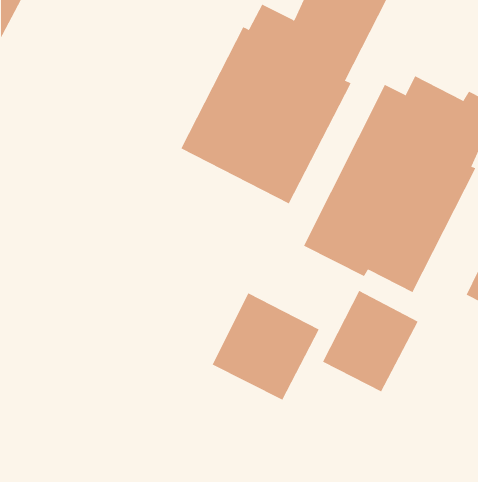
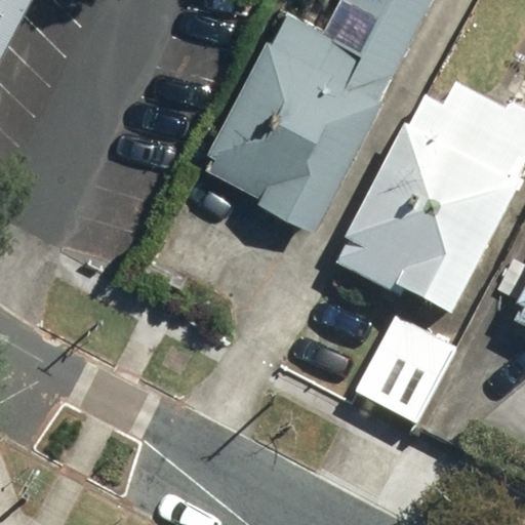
building: [212,293,319,401] -> none

